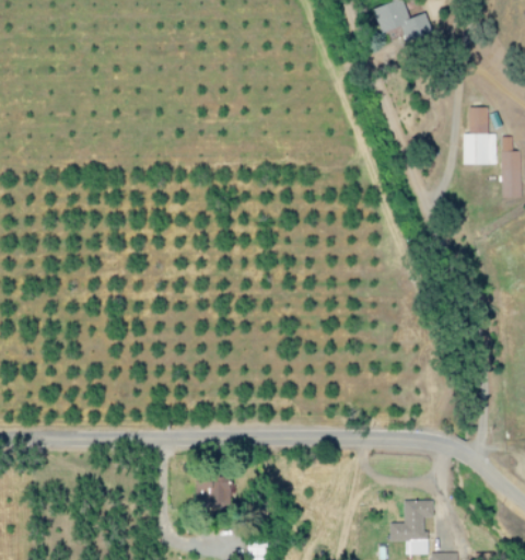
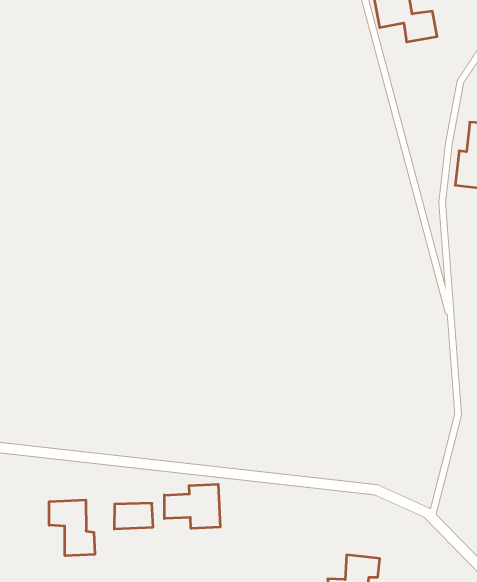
building: none -> [164,484,220,528]
building: none -> [49,500,95,556]

